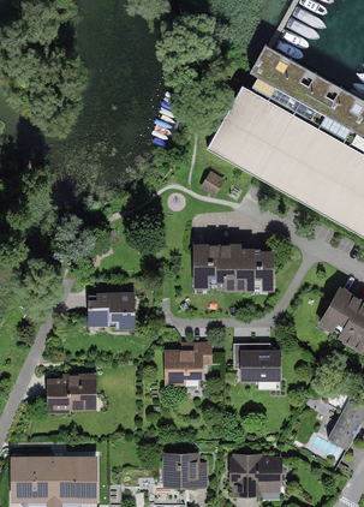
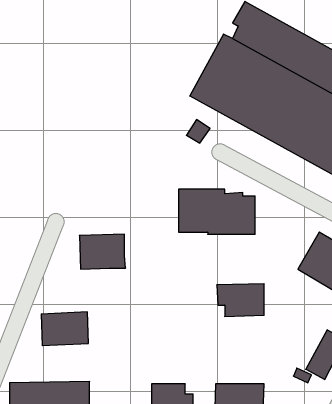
building: [166,342,211,387] -> none

